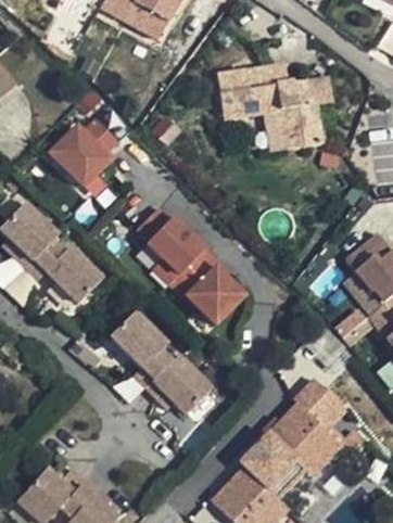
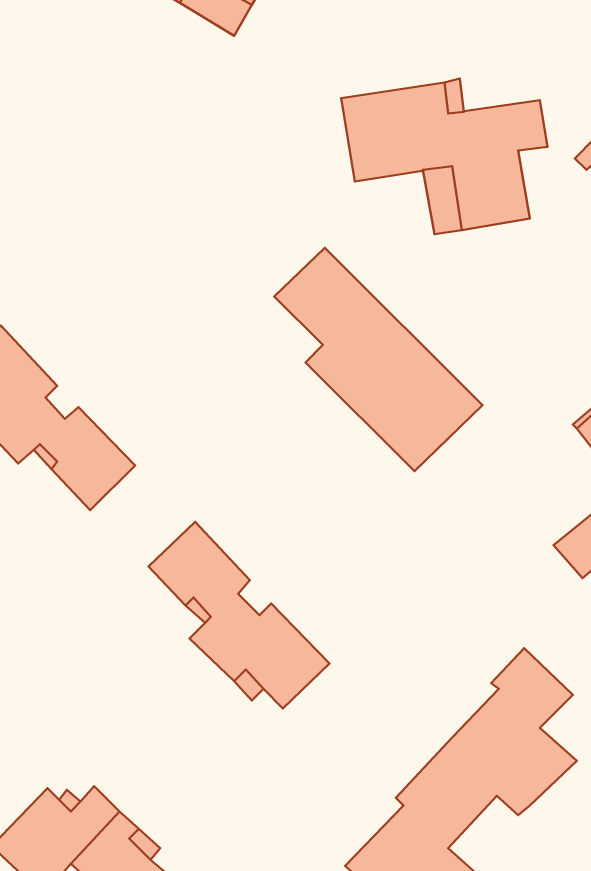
building: [48,110,124,195] -> none
building: [135,202,251,327] -> [274,248,482,471]

